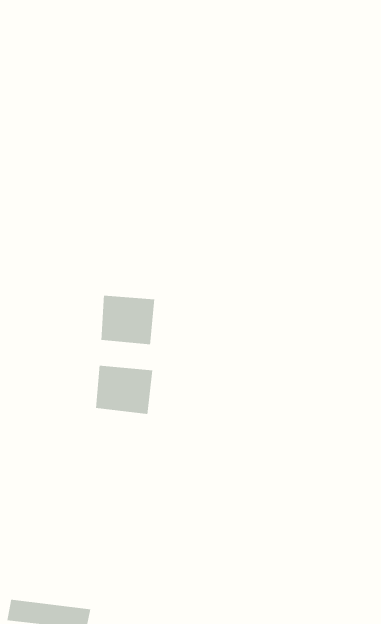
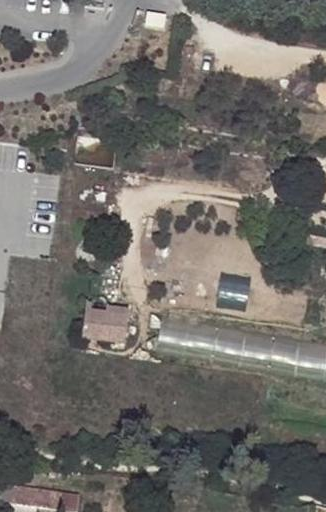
building: [101,295,155,345] -> none

